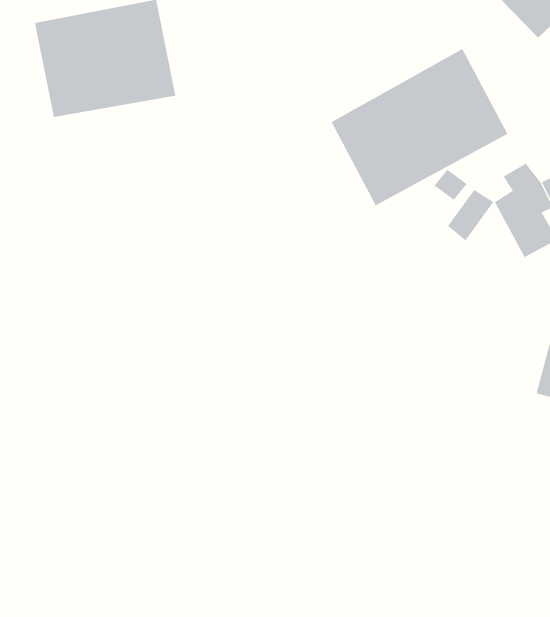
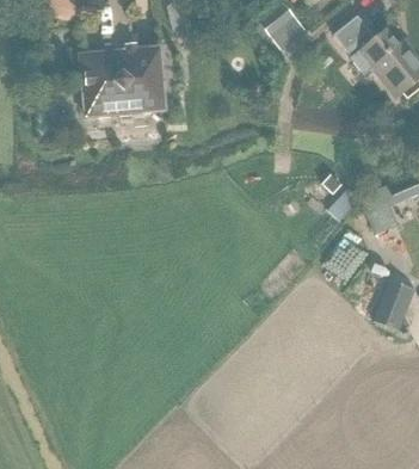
building: [331,48,508,206] -> none

